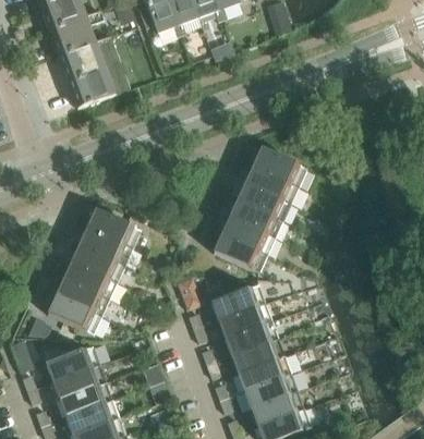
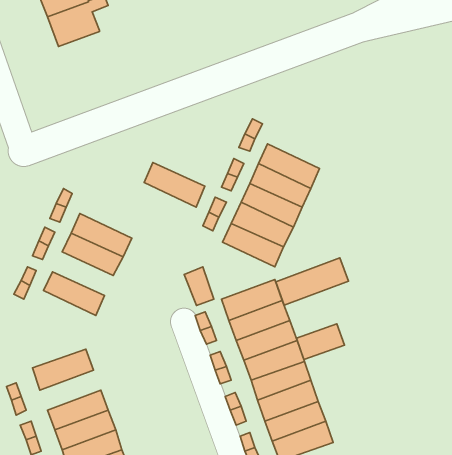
building: [69,61,122,107] -> none
building: [252,148,306,187] -> none
building: [87,209,141,248] -> [144,162,205,207]
building: [63,260,117,298] -> none
building: none -> [276,258,349,305]
building: [48,294,101,332] -> none
building: none -> [296,324,344,359]
building: [52,364,106,399] -> none

